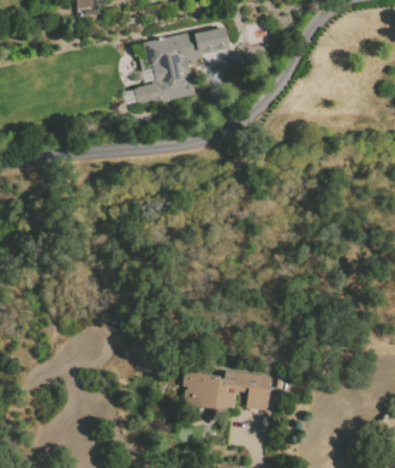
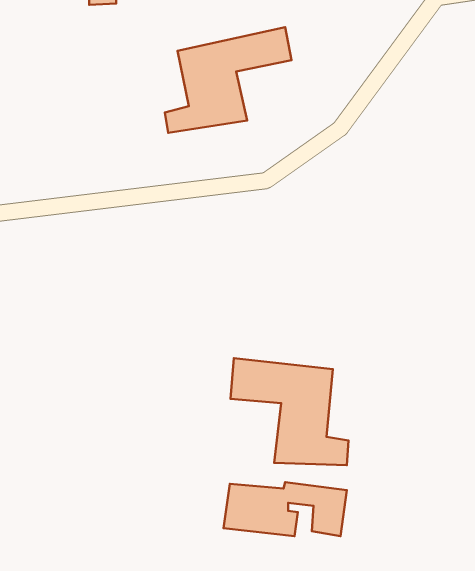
building: none -> [230,358,348,465]

